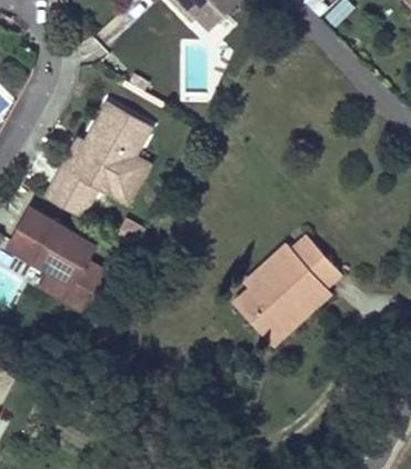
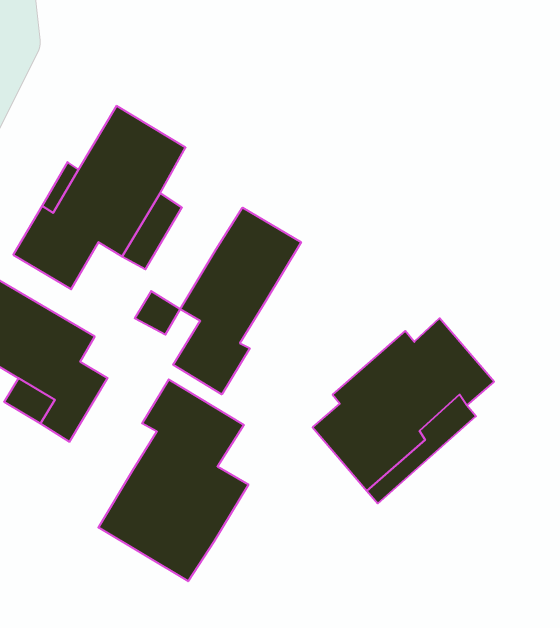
building: none -> [173,208,301,394]
building: none -> [98,379,248,581]

